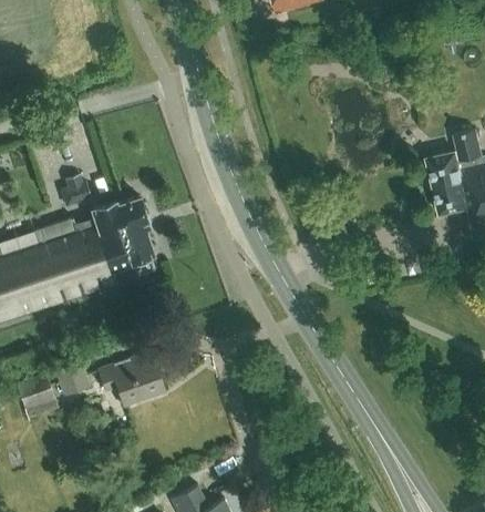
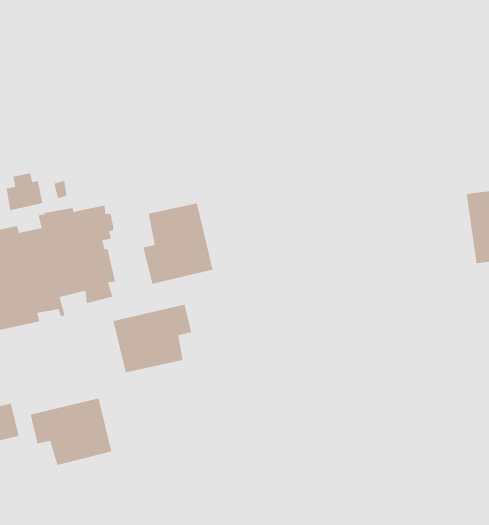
building: none -> [143,202,213,284]
building: none -> [113,304,192,373]

